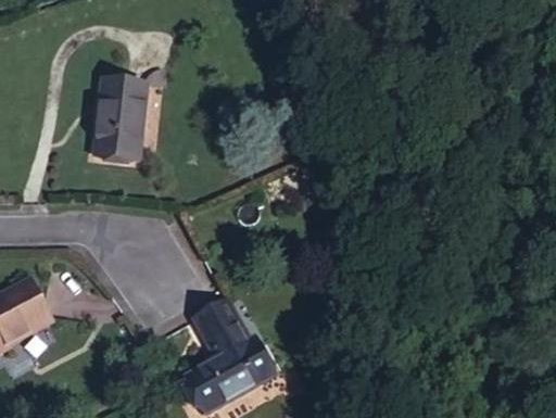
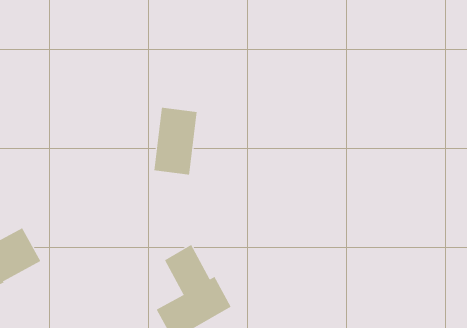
building: [94,78,146,157] -> [154,107,197,175]

